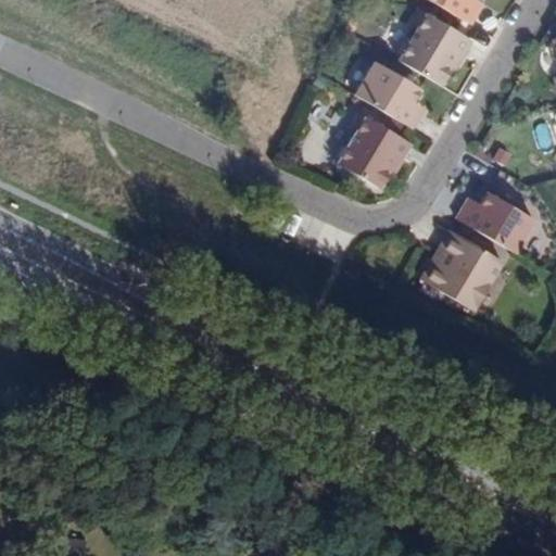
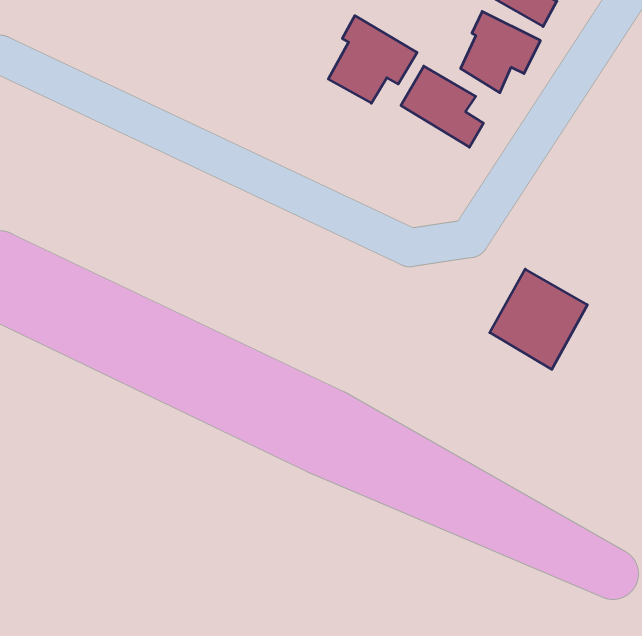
building: [336,114,412,189] -> [328,16,417,103]
building: [460,195,539,253] -> none

